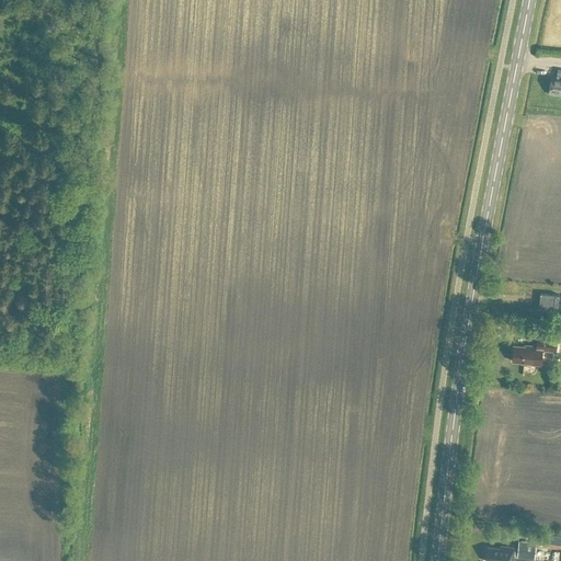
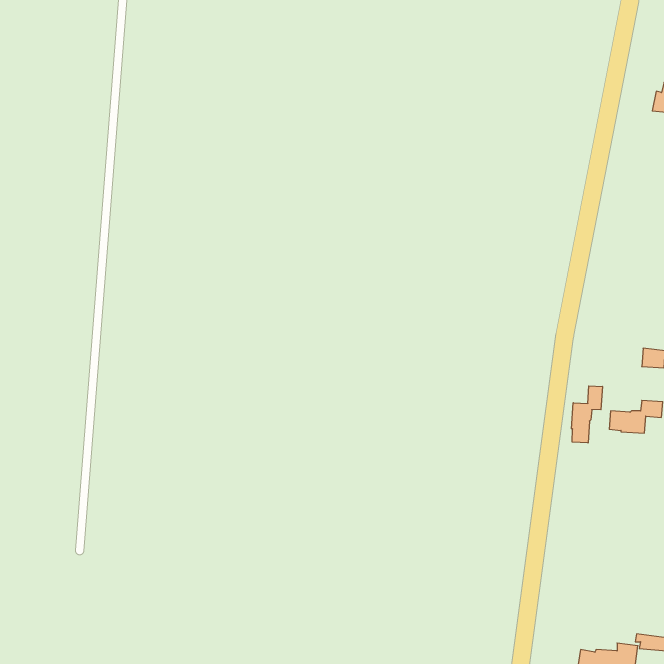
building: none -> [571,386,602,443]

